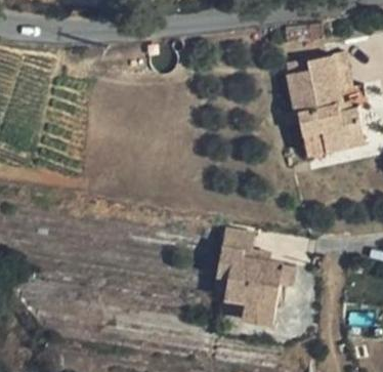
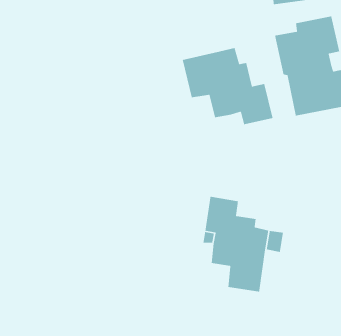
building: none -> [182,47,274,125]

